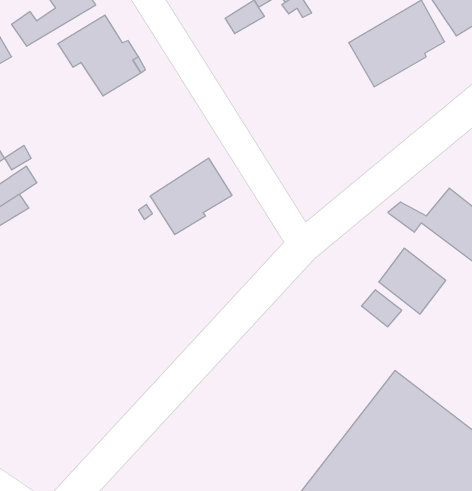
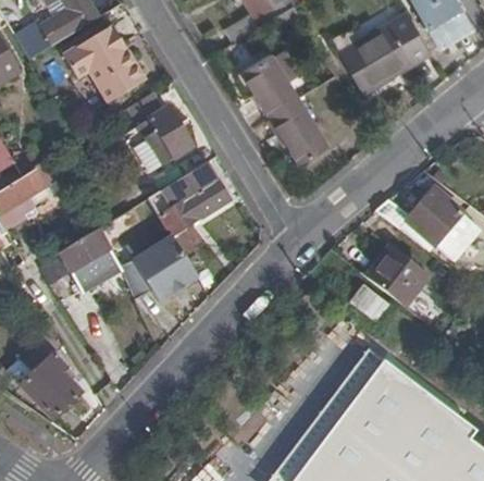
building: none -> [238,52,326,162]
building: none -> [128,88,195,169]
building: none -> [53,226,117,285]
building: none -> [124,235,200,299]
building: none -> [18,354,79,418]

